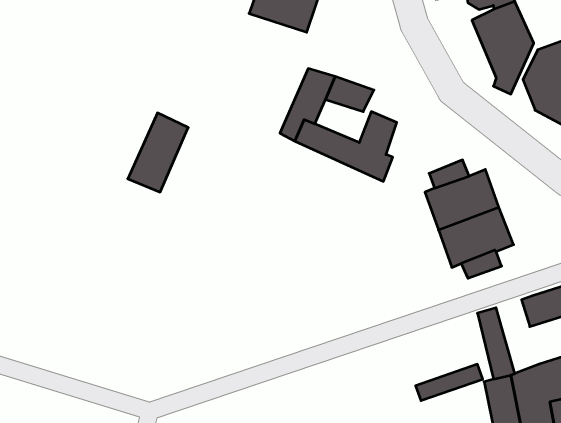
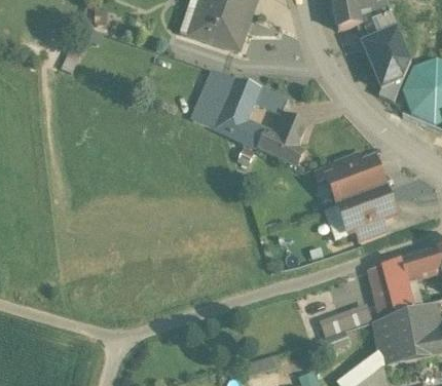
building: [128,113,188,192] -> [191,69,237,129]
building: none -> [381,257,414,313]

